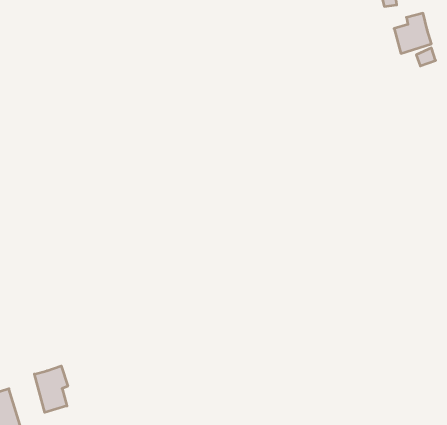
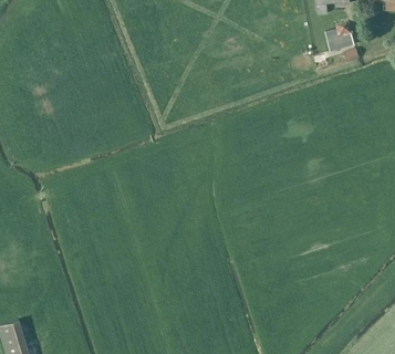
building: [34,366,68,412] -> none

